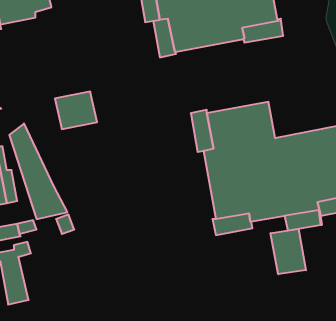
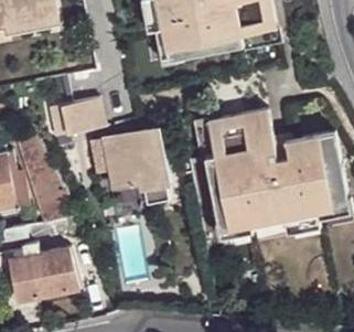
building: none -> [106,129,171,208]
building: [271,229,306,274] -> none
building: none -> [26,248,78,300]

